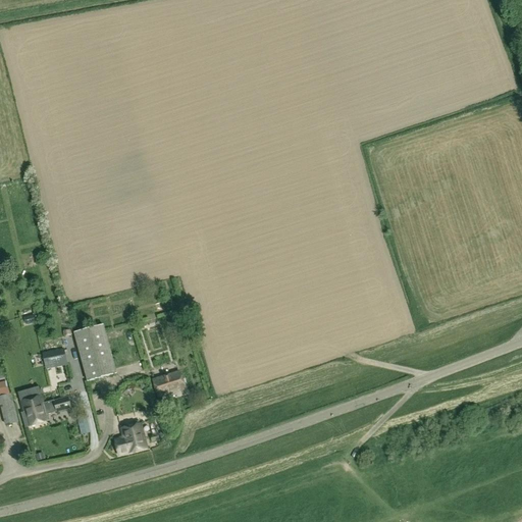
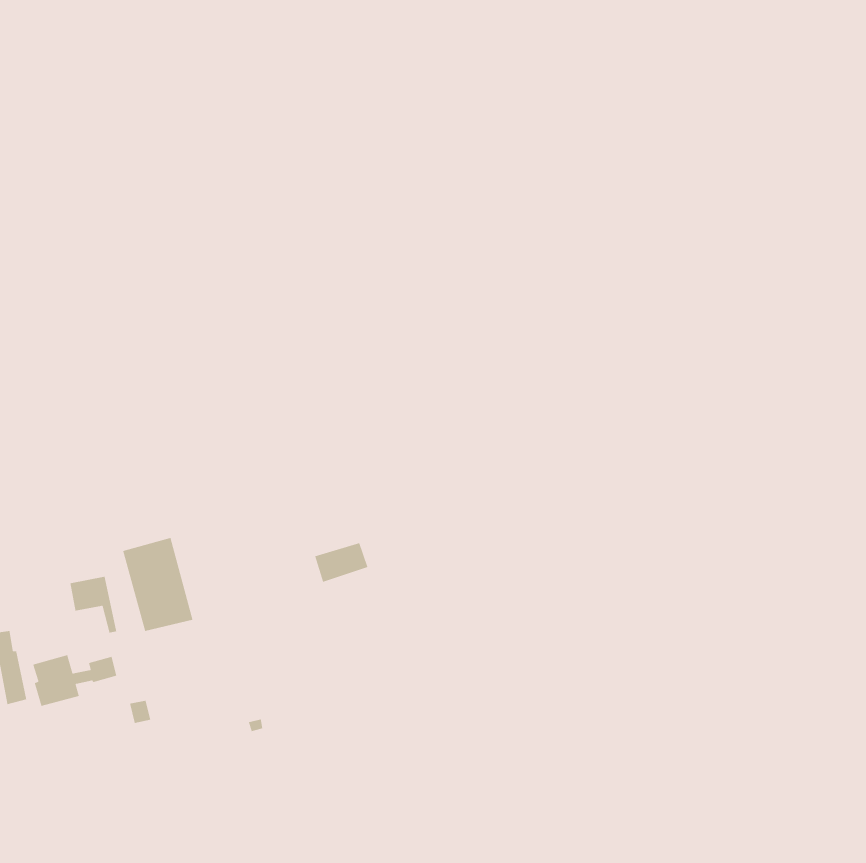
building: [152,370,185,395] -> [314,542,368,583]
building: [114,420,147,453] -> none

